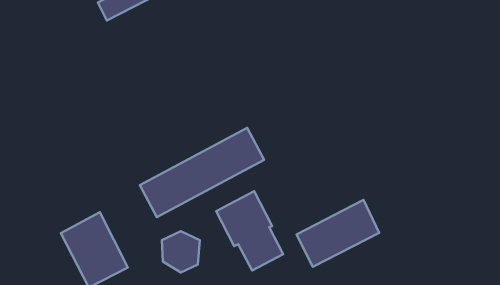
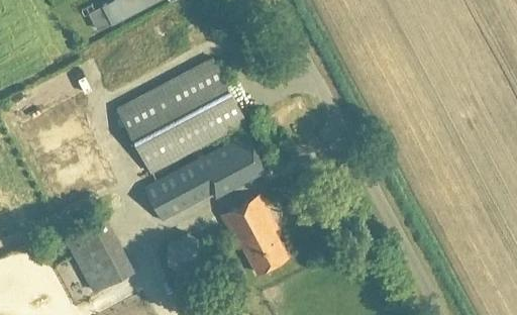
building: none -> [118,60,245,173]
building: [296,200,379,267] -> none

